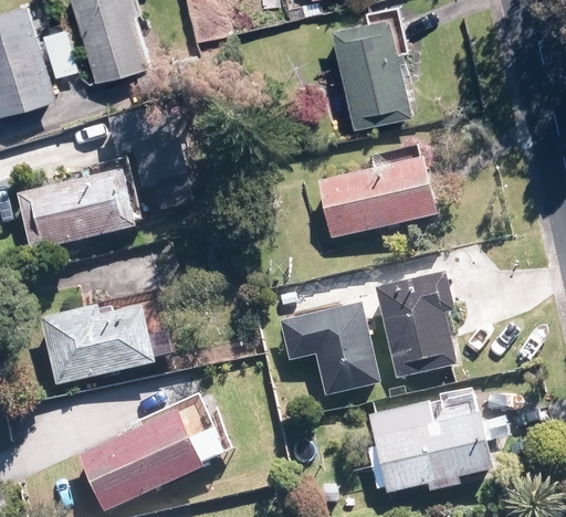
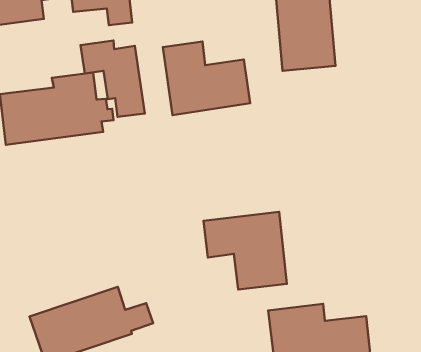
building: none -> [163,41,250,115]
building: [316,157,440,239] -> none
building: [374,272,458,377] -> none
building: [34,303,175,389] -> none

